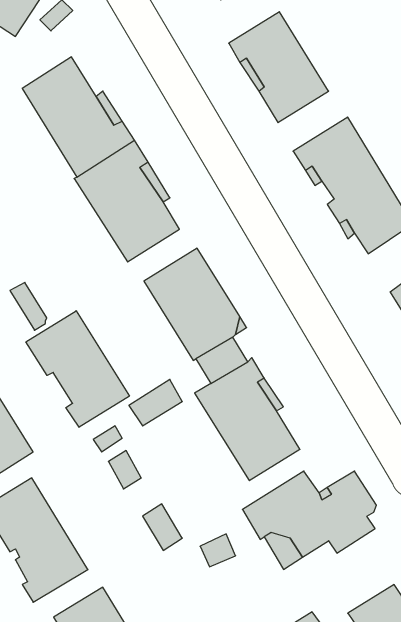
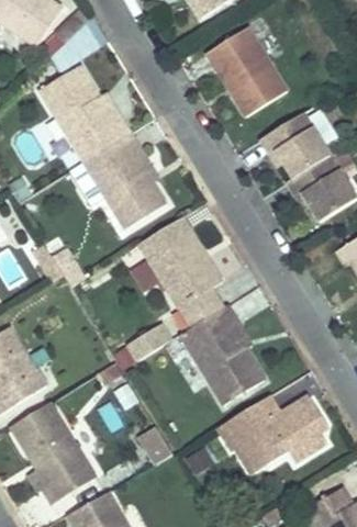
building: [26,311,129,427] -> none

